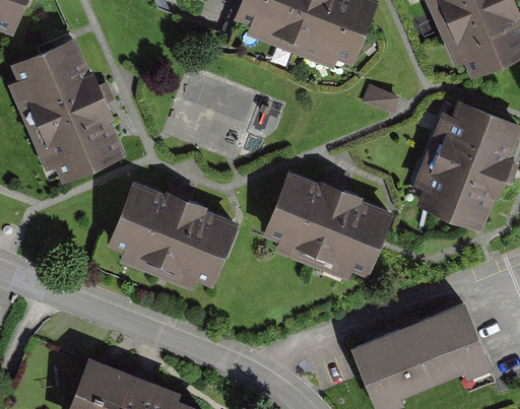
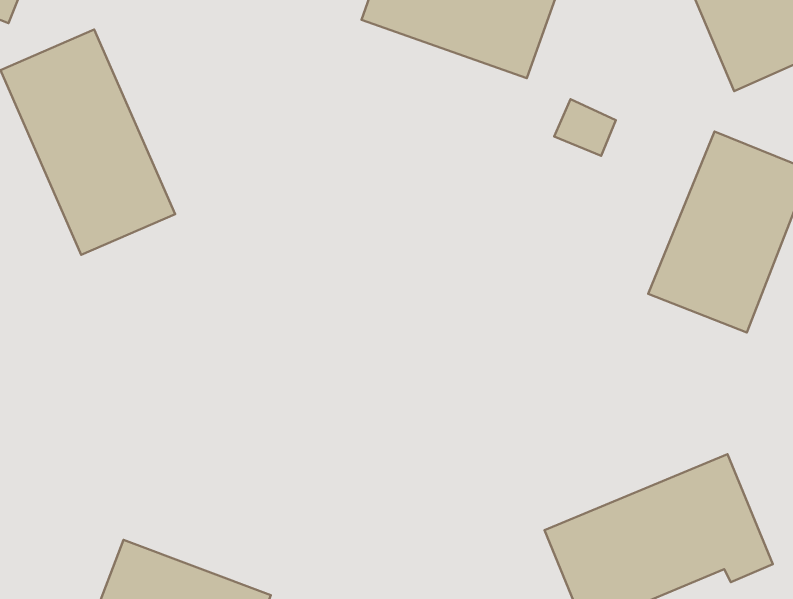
building: [262,168,392,274] -> none
building: [107,180,236,284] -> none

